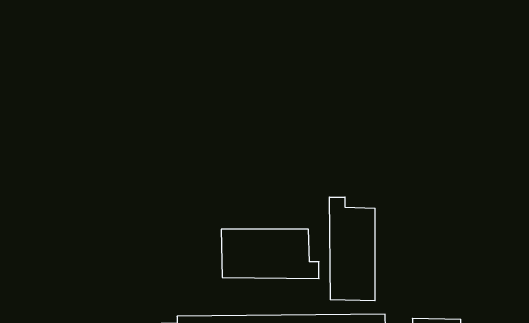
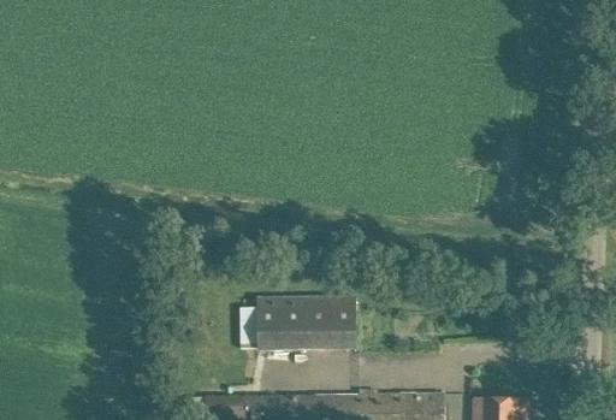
building: [329,197,375,301] -> none

